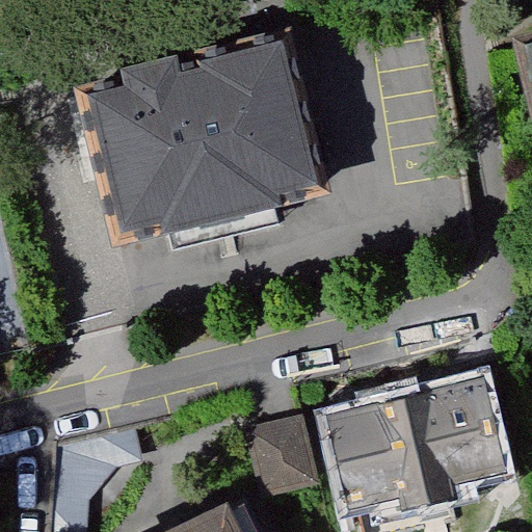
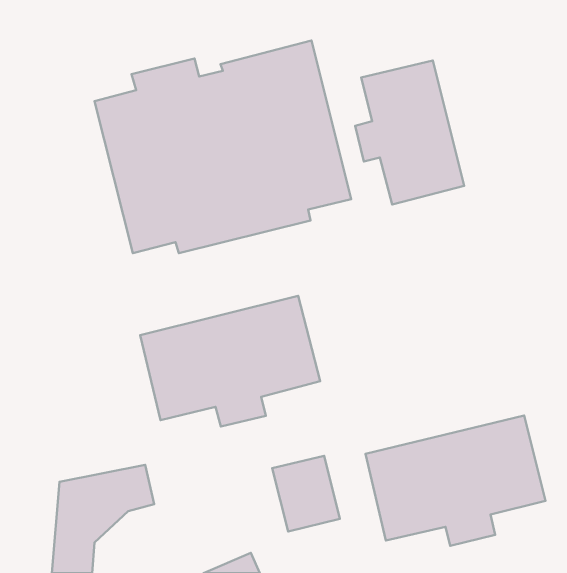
building: none -> [355,60,464,204]
building: none -> [140,296,320,427]

